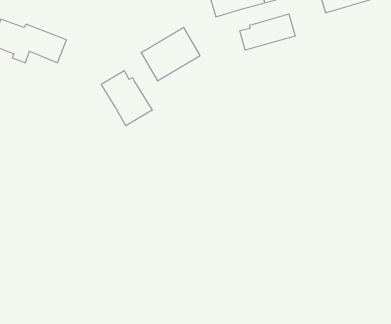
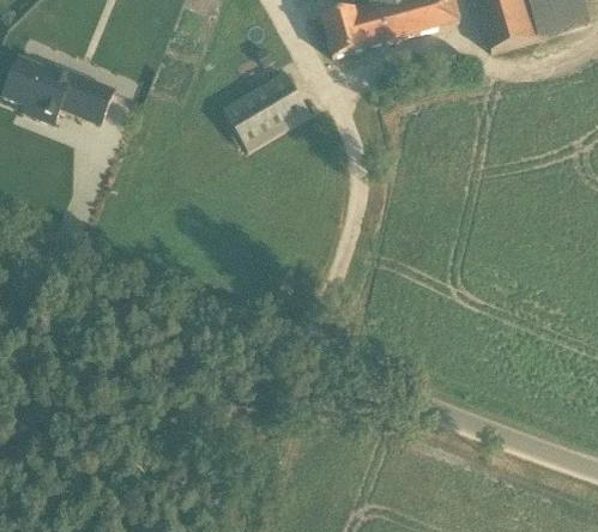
building: [240,14,295,50] -> none
building: [101,71,152,126] -> none

